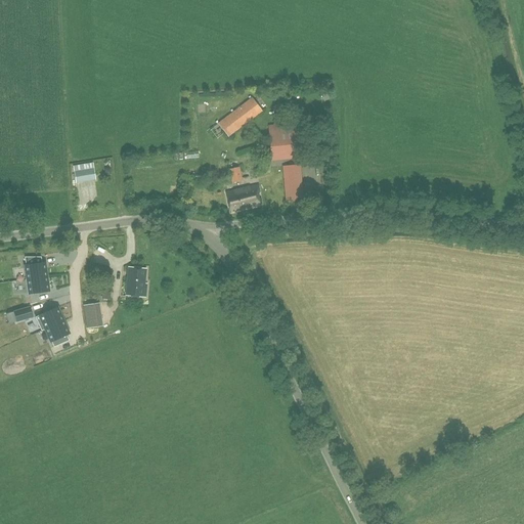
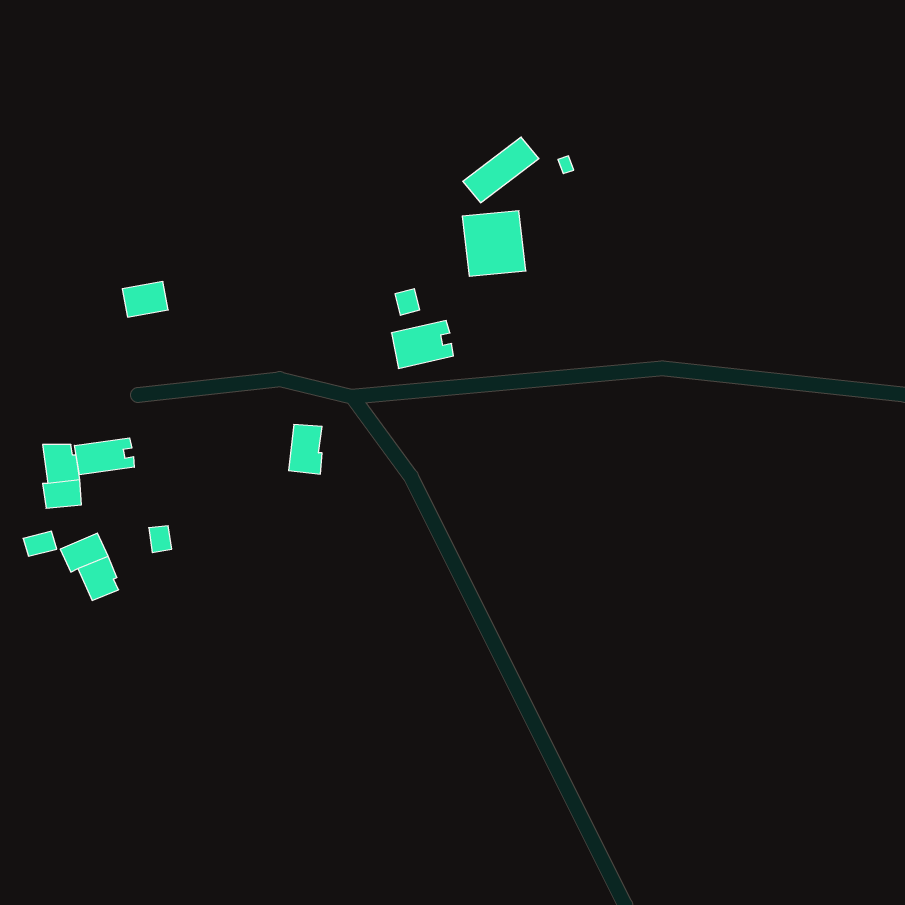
building: [218,98,262,136] -> [463,137,539,203]
building: [282,165,303,203] -> none
building: none -> [75,438,134,475]
building: [126,268,145,297] -> [289,425,322,474]

